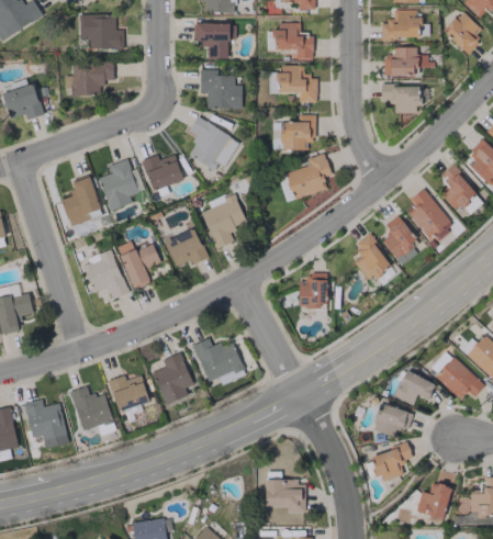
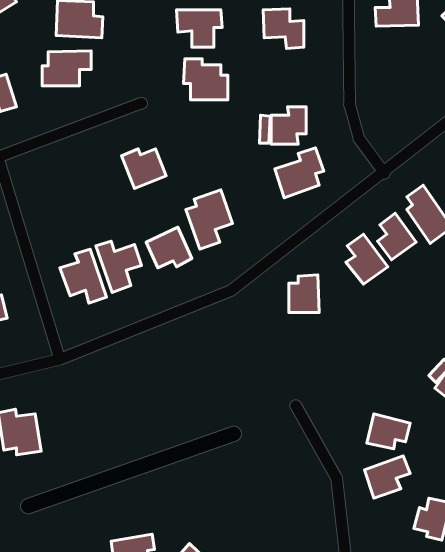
building: [384,47,430,76] -> none
building: [279,66,316,103] -> none
building: [381,86,422,114] -> none
building: [187,117,239,171] -> none
building: [98,159,144,212] -> none
building: [60,177,103,227] -> none
building: [192,338,246,385] -> none
building: [152,352,193,405] -> none
building: [393,370,435,406] -> none
building: [109,377,148,412] -> none
building: [70,386,113,431] -> none
building: [265,481,305,513] -> none

